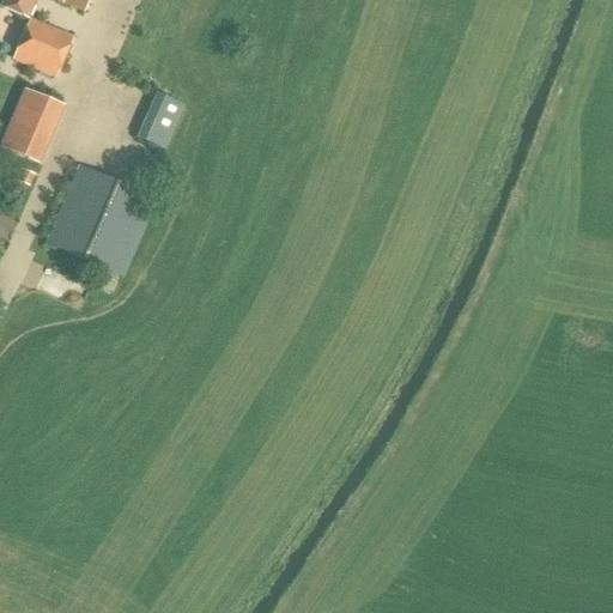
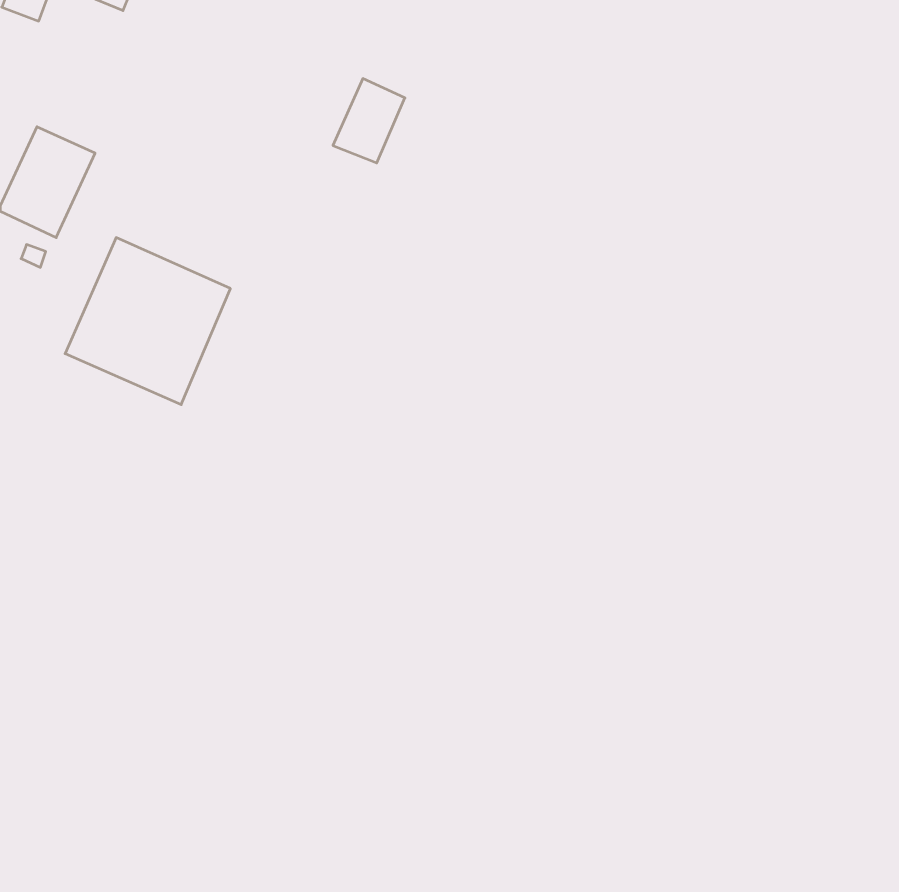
building: [12,16,74,75] -> none
building: [135,90,184,147] -> [333,79,405,163]

